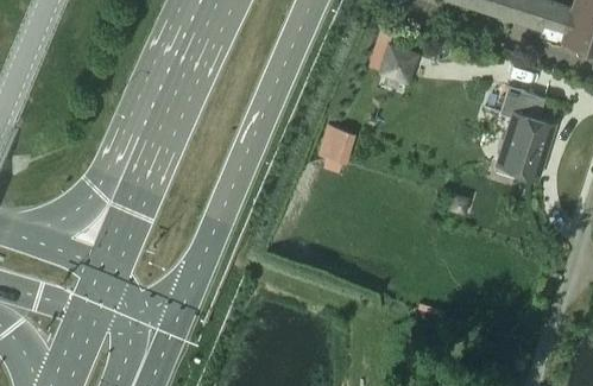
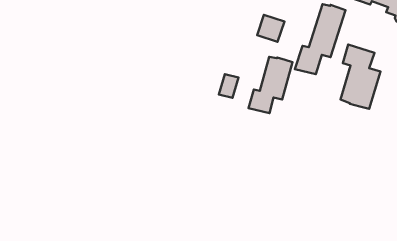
building: none -> [295,4,345,74]
building: none -> [248,57,292,113]

